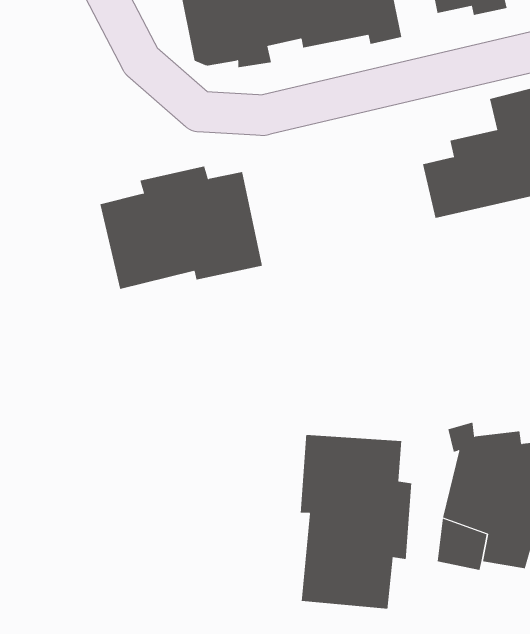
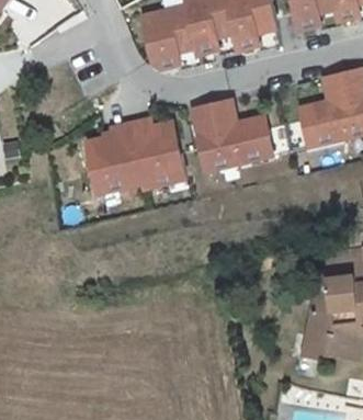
building: none -> [193,94,293,171]
building: [300,434,412,610] -> none

